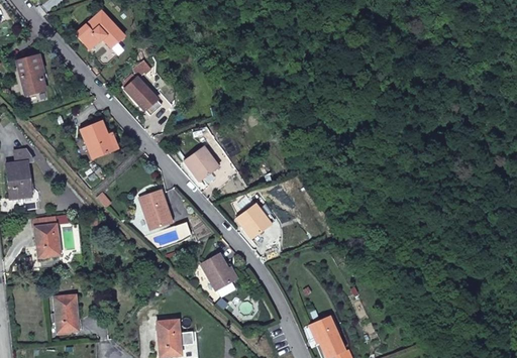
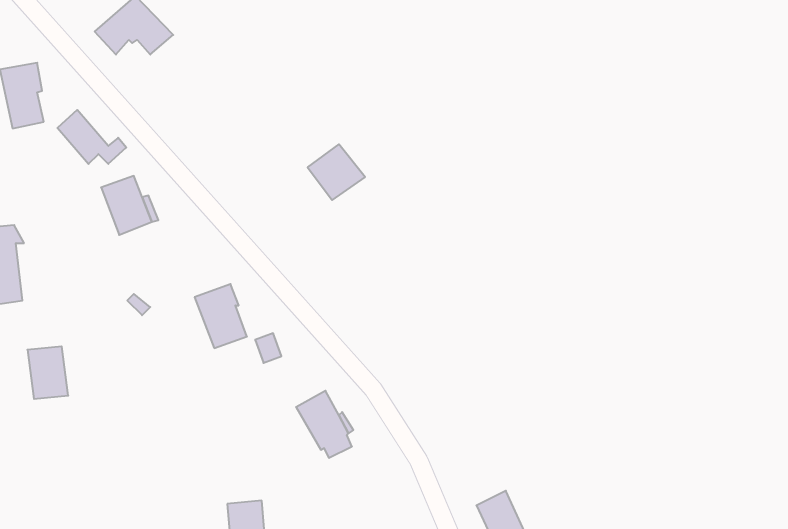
building: [125,78,168,111] -> [57,110,126,164]
building: [184,145,219,180] -> [308,144,365,200]
building: [235,203,271,237] -> none
building: [55,296,79,333] -> none

